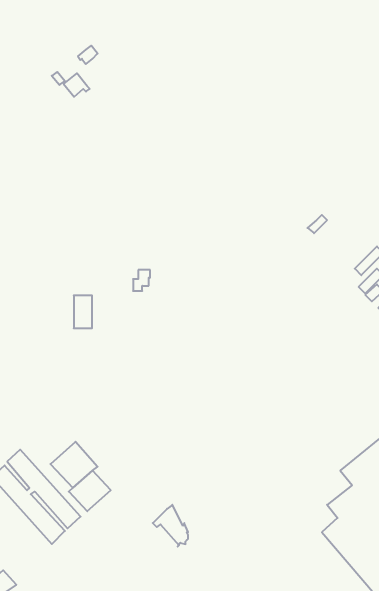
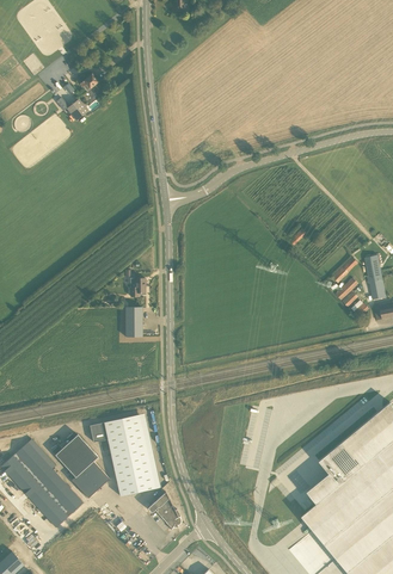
building: [74,295,92,328] -> [124,307,141,337]
building: none -> [88,413,160,496]

